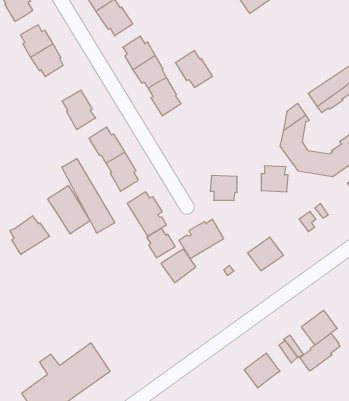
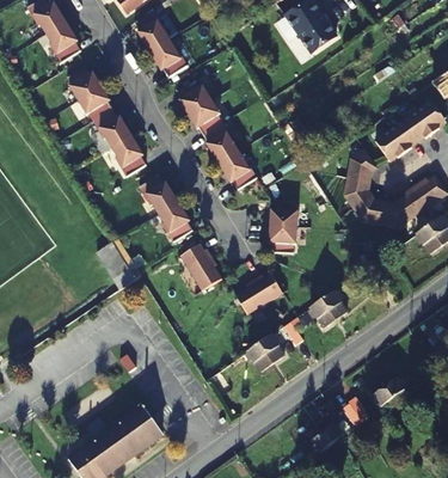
building: [175,50,212,87] -> [217,151,257,190]
building: none -> [93,110,131,148]
building: [62,158,115,233] -> none
building: [261,166,288,192] -> [270,201,299,228]
building: [10,216,50,255] -> none
building: [147,228,175,258] -> none
building: [161,249,196,283] -> [246,337,283,373]
building: [300,333,340,371] -> none

